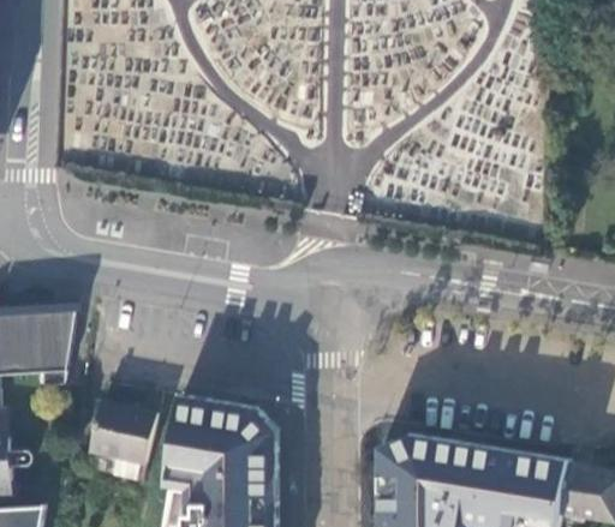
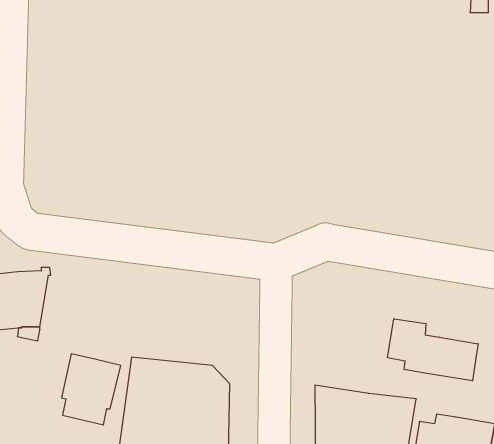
building: none -> [387,319,478,381]

